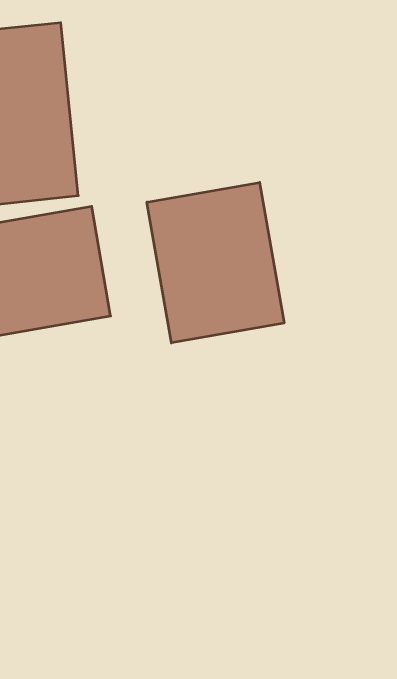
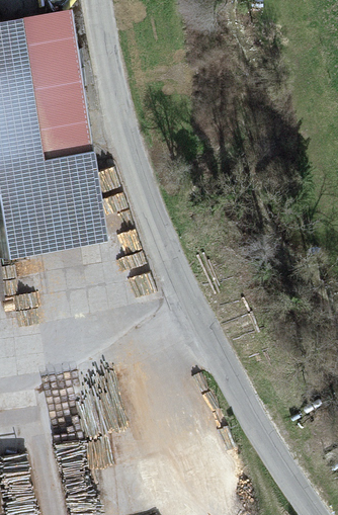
building: [147,182,284,343] -> none

